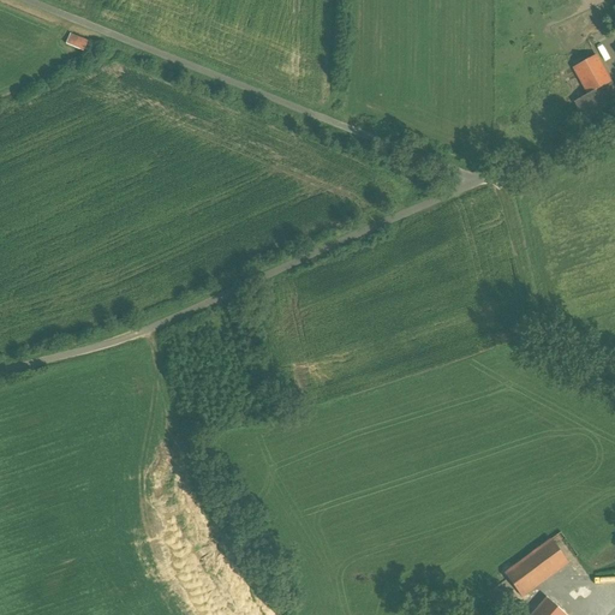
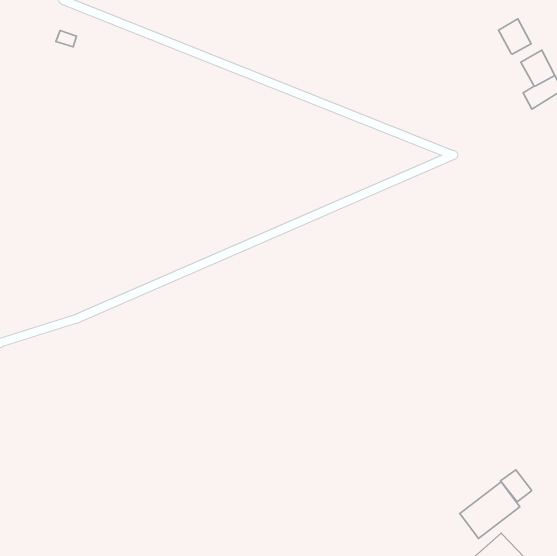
building: none -> [499,19,531,54]
building: none -> [501,470,532,502]

